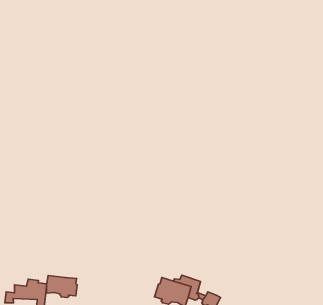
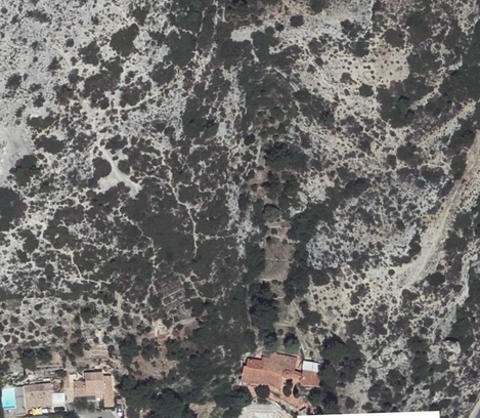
building: [46,276,77,298] -> none

